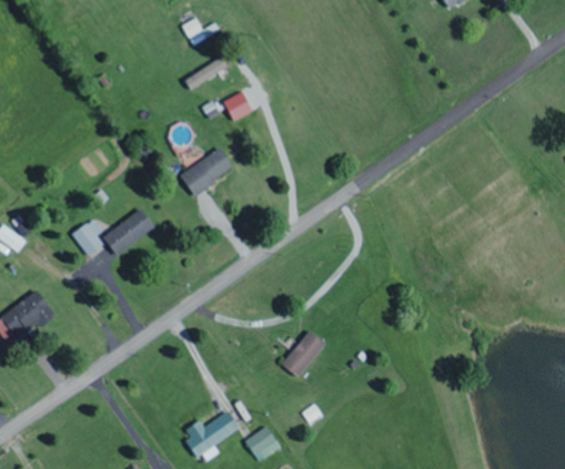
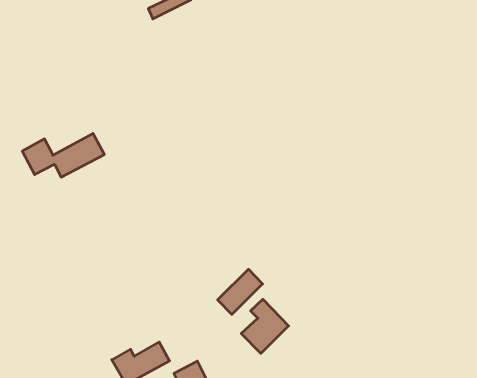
building: [223,92,252,121] -> none
building: [180,150,233,195] -> none
building: none -> [241,299,289,353]

